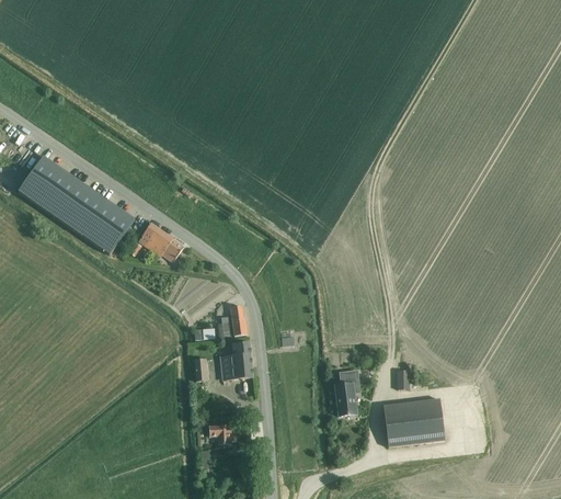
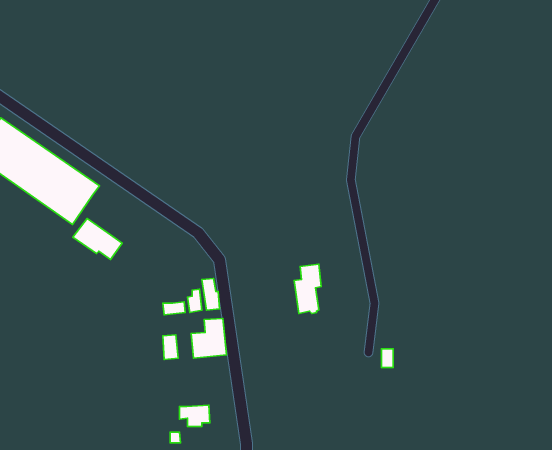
building: [137,223,183,261] -> [73,218,122,260]
building: [333,370,358,416] -> [294,264,321,314]
building: [380,399,442,445] -> none

